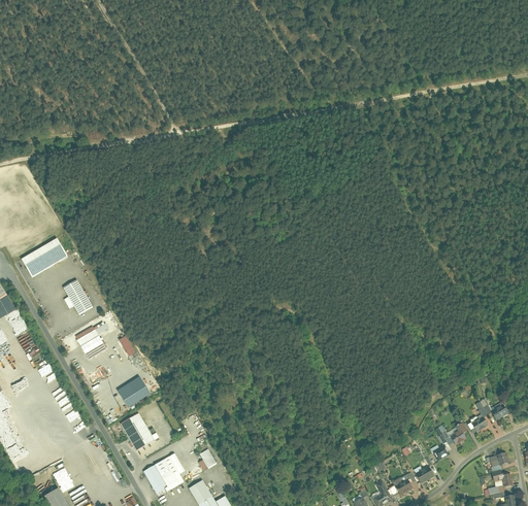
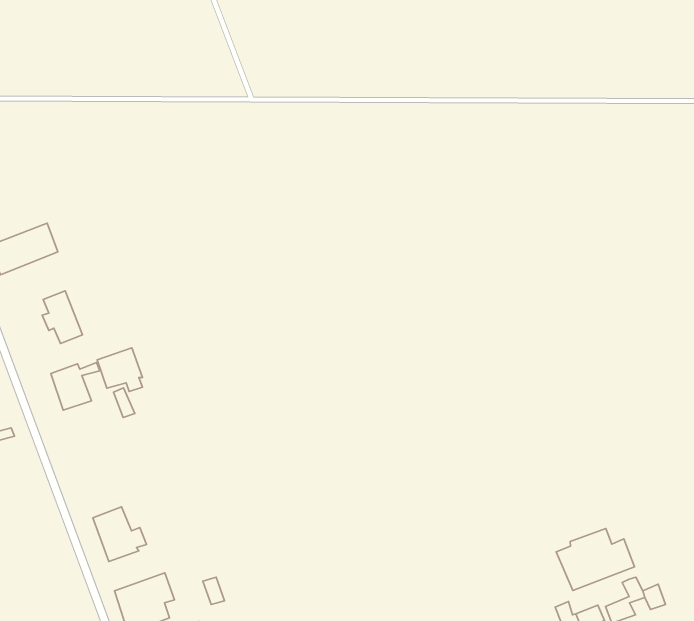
building: none -> [97,348,143,391]
building: none -> [556,528,635,591]
building: [119,377,150,406] -> none

